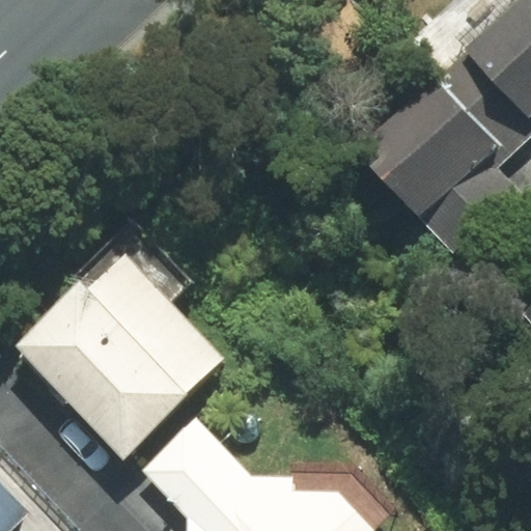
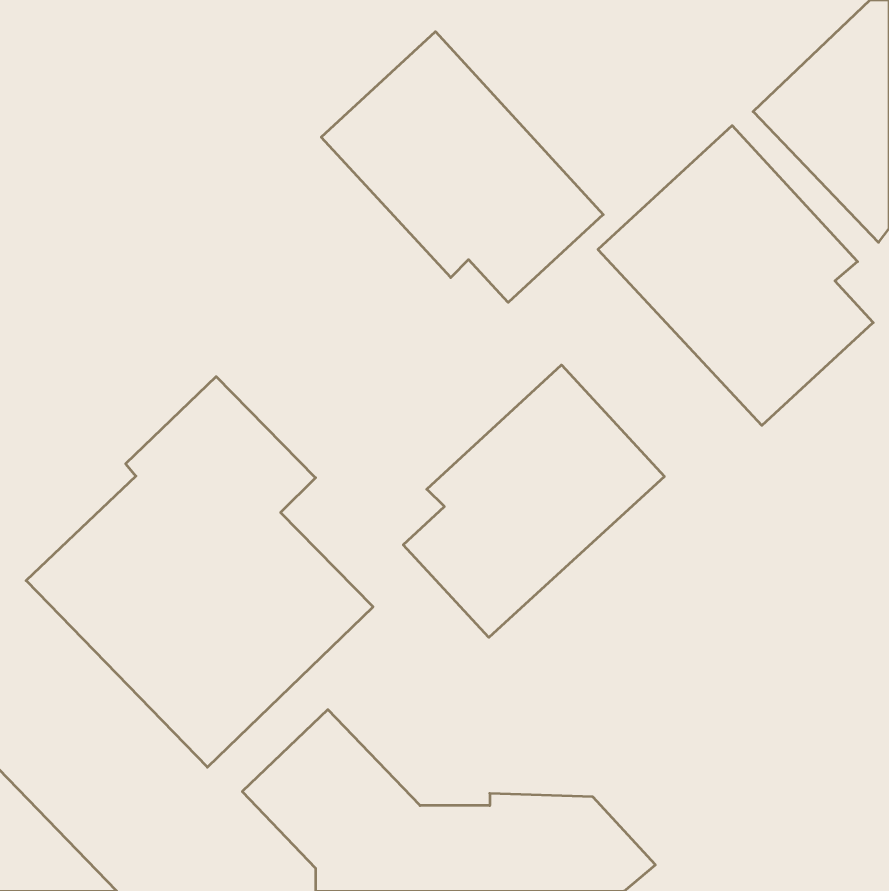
building: none -> [321,32,603,302]
building: none -> [403,365,664,637]

